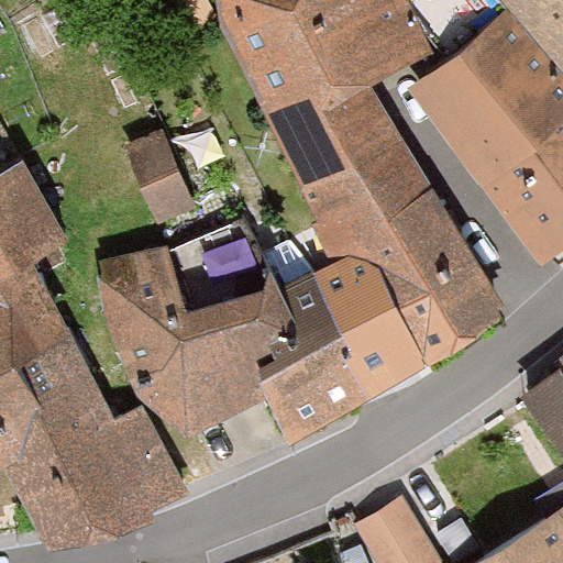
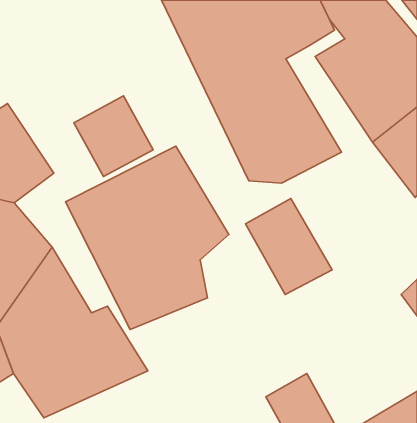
building: [368,208,516,362] -> none
building: [262,301,373,446] -> none

